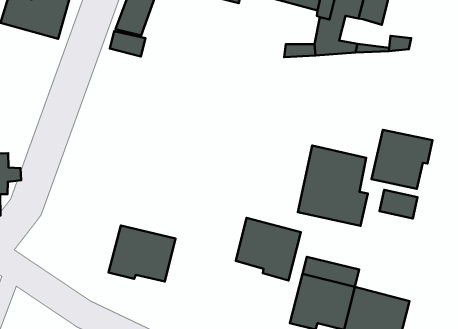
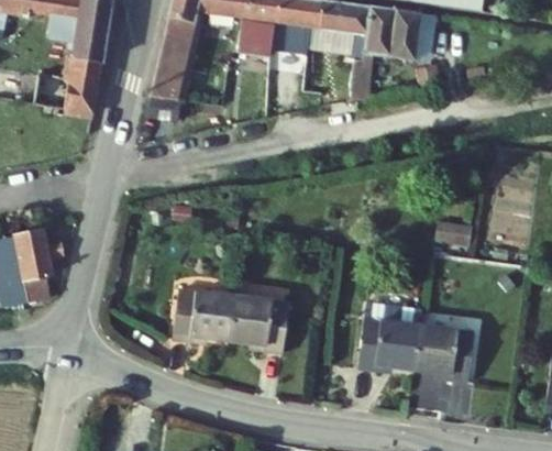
building: [372,130,433,189] -> none
building: [298,146,368,226] -> none
building: [236,218,301,281] -> [230,296,291,353]

